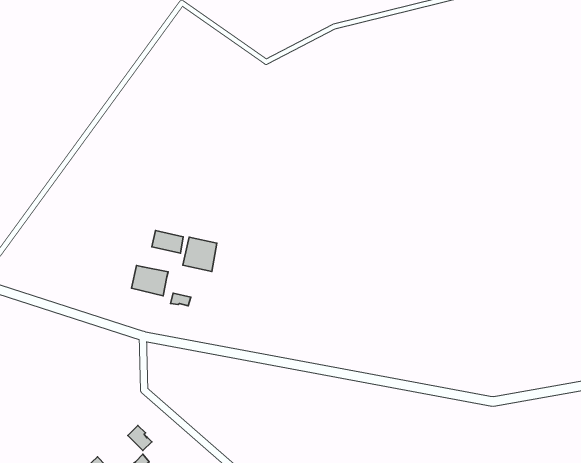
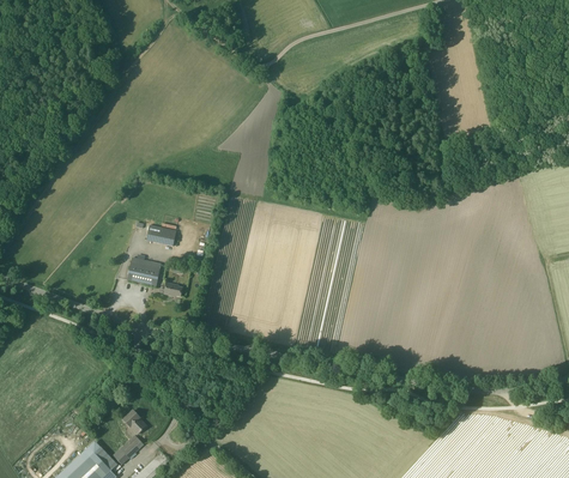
building: [183,237,217,272] -> none

